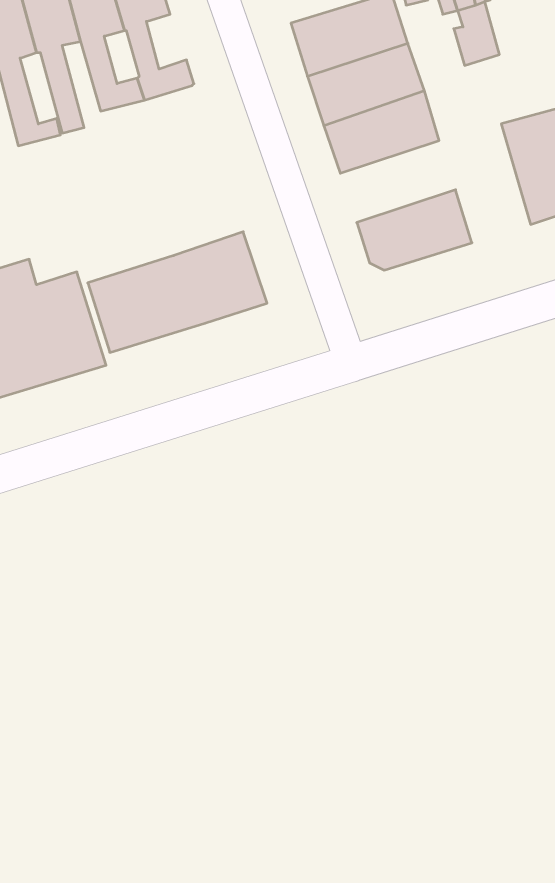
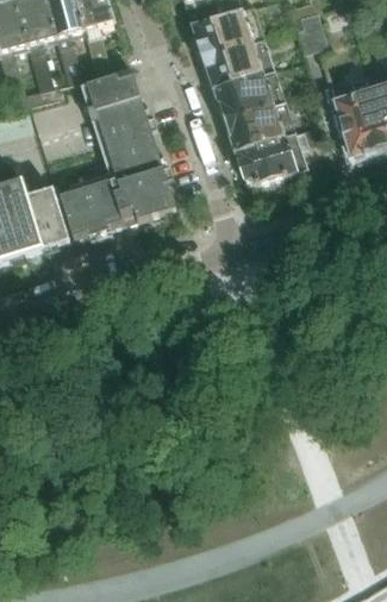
building: none -> [85,68,160,175]
building: none -> [223,100,298,153]

